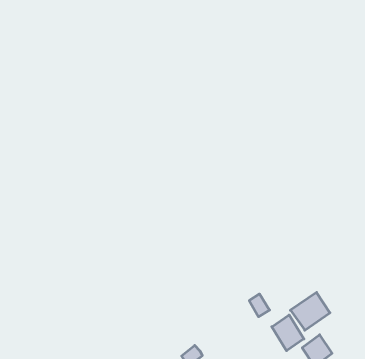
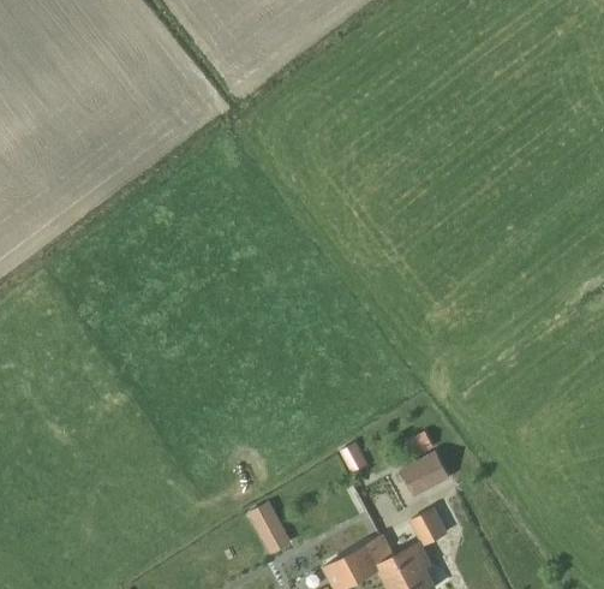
building: [272,315,304,351] -> none

